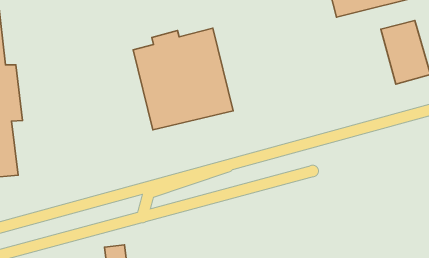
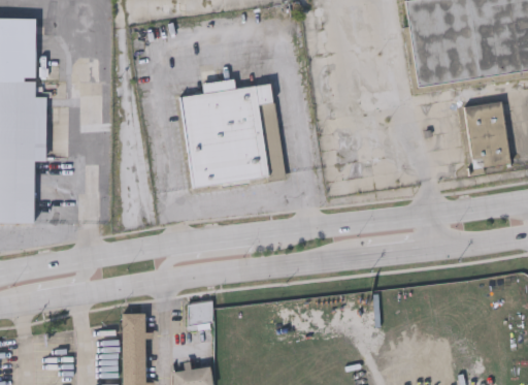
building: none -> [186,302,210,325]

